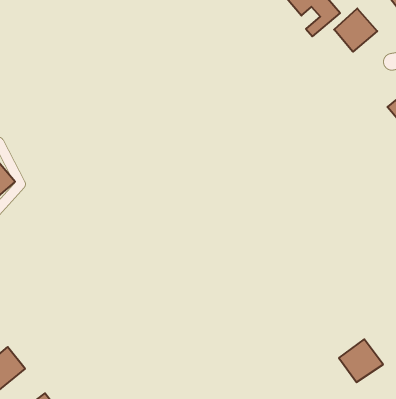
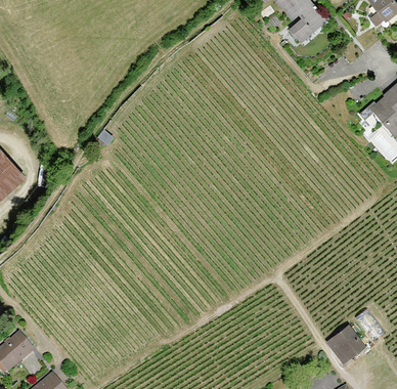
building: [334,8,377,52] -> none

